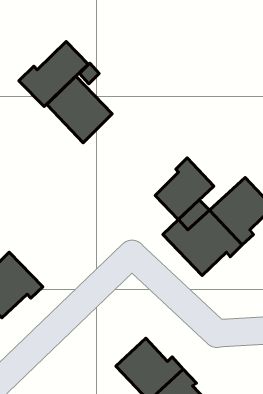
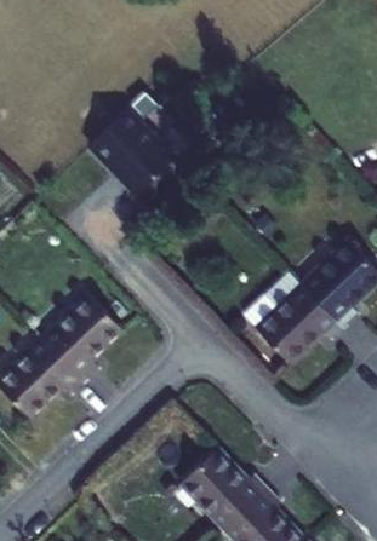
building: [19,42,88,107] -> none
building: [155,158,214,220] -> none
building: none -> [40,292,125,380]

